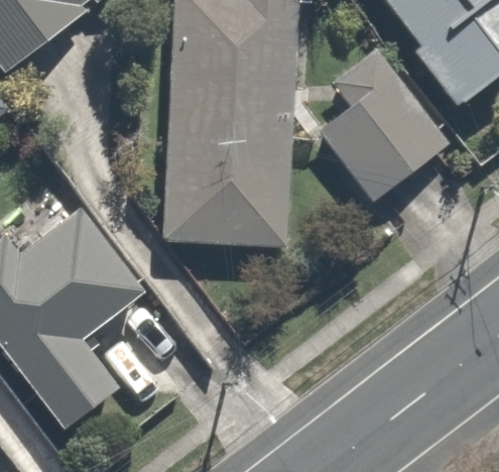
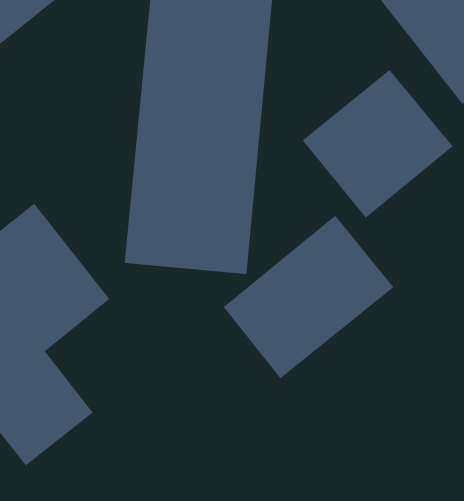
building: none -> [223,215,394,379]

